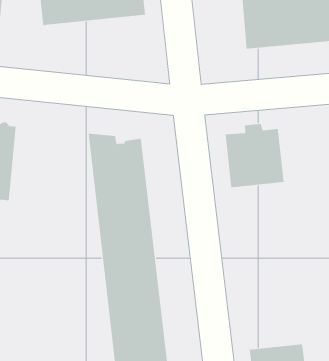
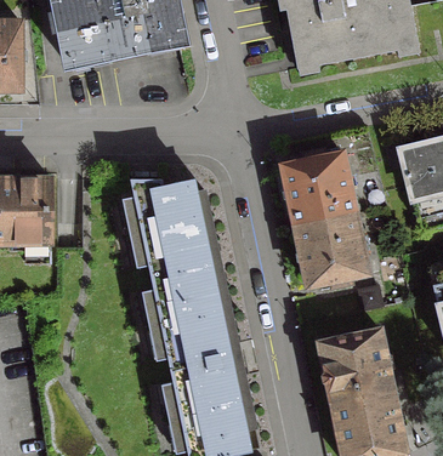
building: none -> [295,212,368,287]
building: none -> [320,330,392,403]

